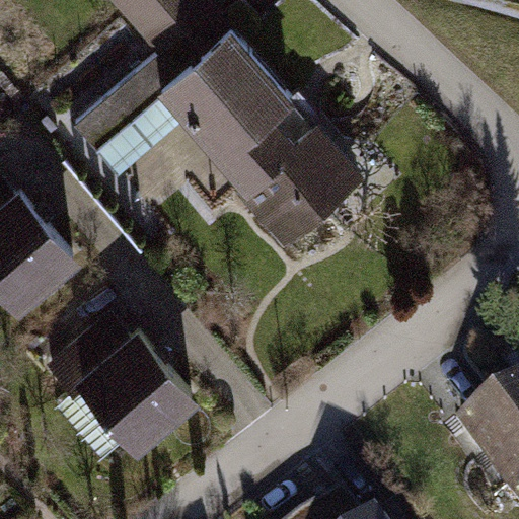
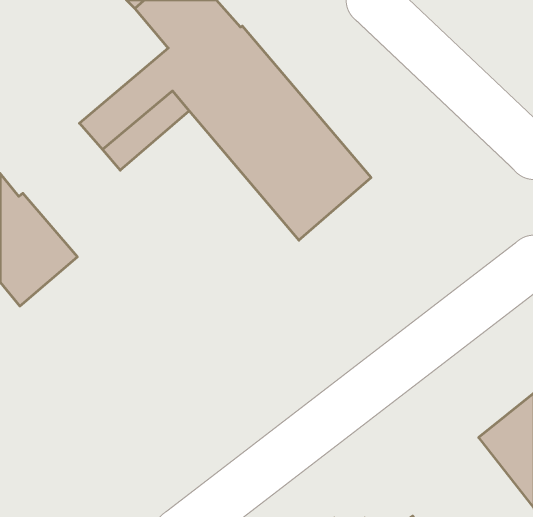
building: [54,324,196,453] -> none

